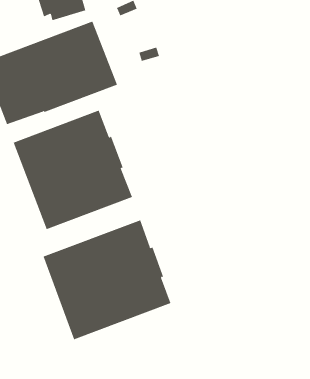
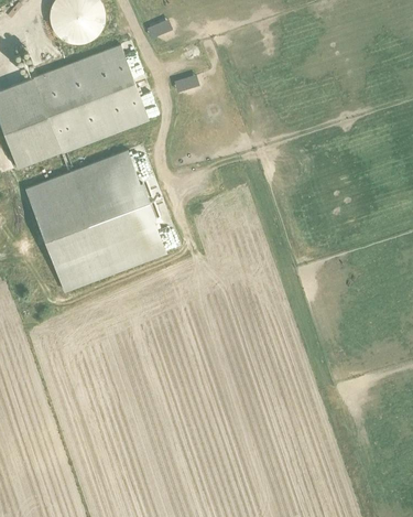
building: [43,220,171,340] -> none

